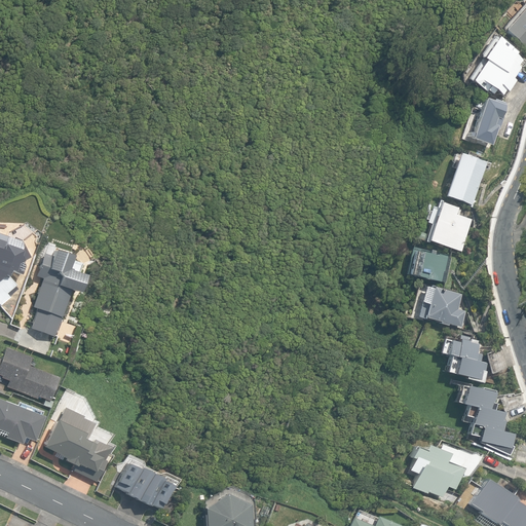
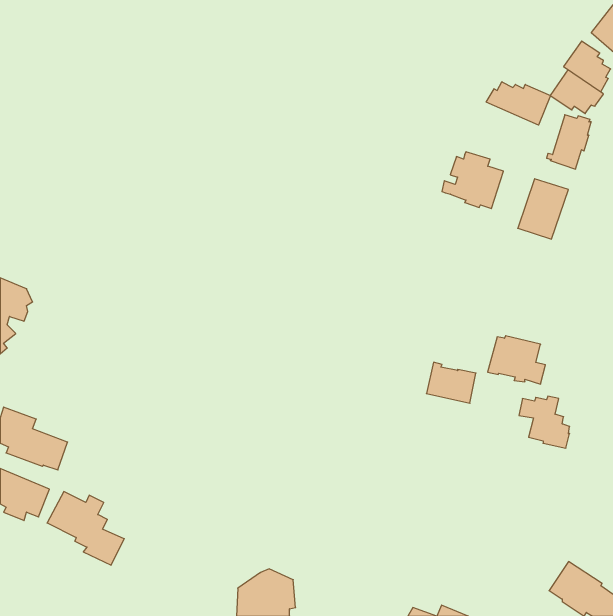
building: none -> [486,82,550,125]
building: [420,202,473,251] -> [442,152,503,209]
building: [410,248,452,283] -> [426,362,476,403]
building: [31,249,86,336] -> none
building: [461,384,514,454] -> none
building: [412,443,466,495] -> none
building: [116,460,176,510] -> none

